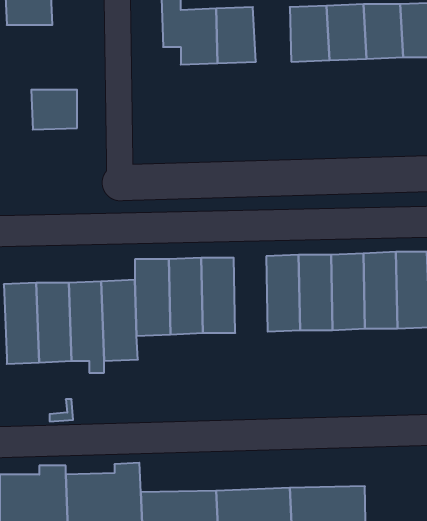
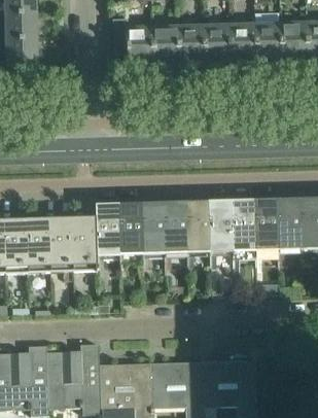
building: none -> [177,26,204,64]
building: [31,90,77,130] -> [5,38,37,66]
building: none -> [164,200,187,253]

